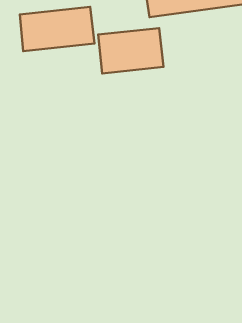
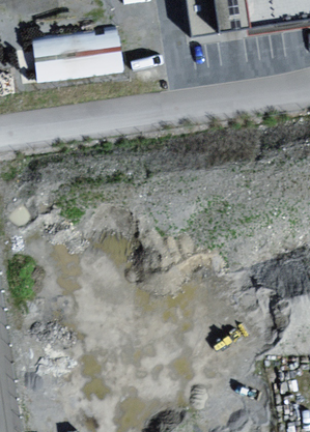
building: [98,28,164,73] -> none

